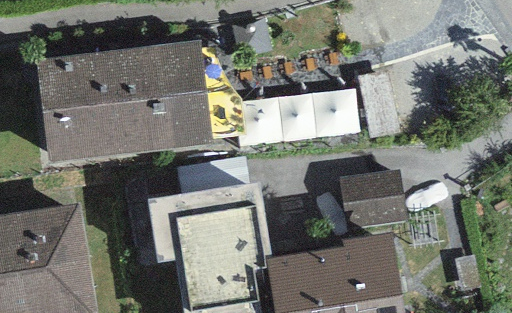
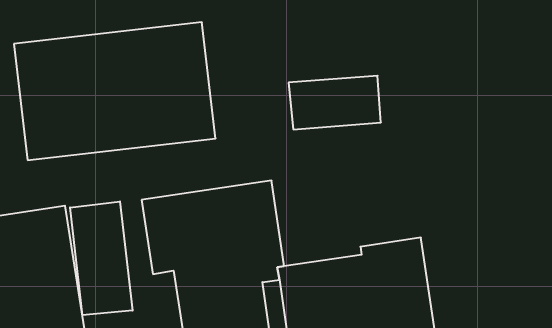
building: [339,171,407,228] -> none
building: none -> [70,201,133,315]

